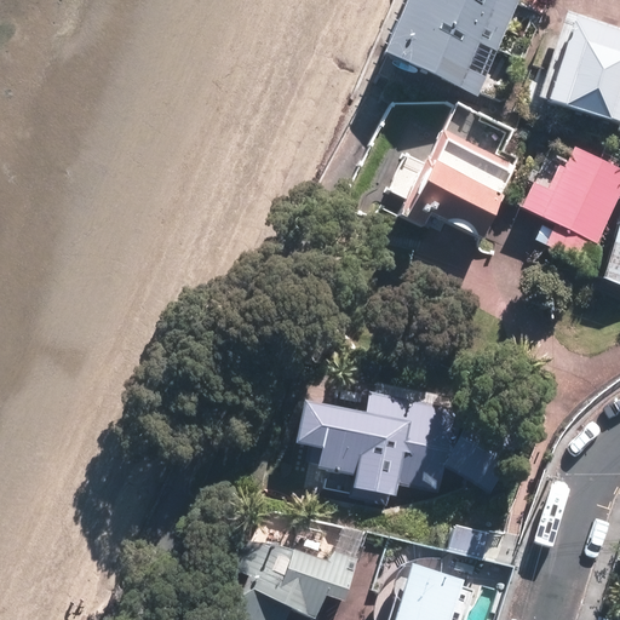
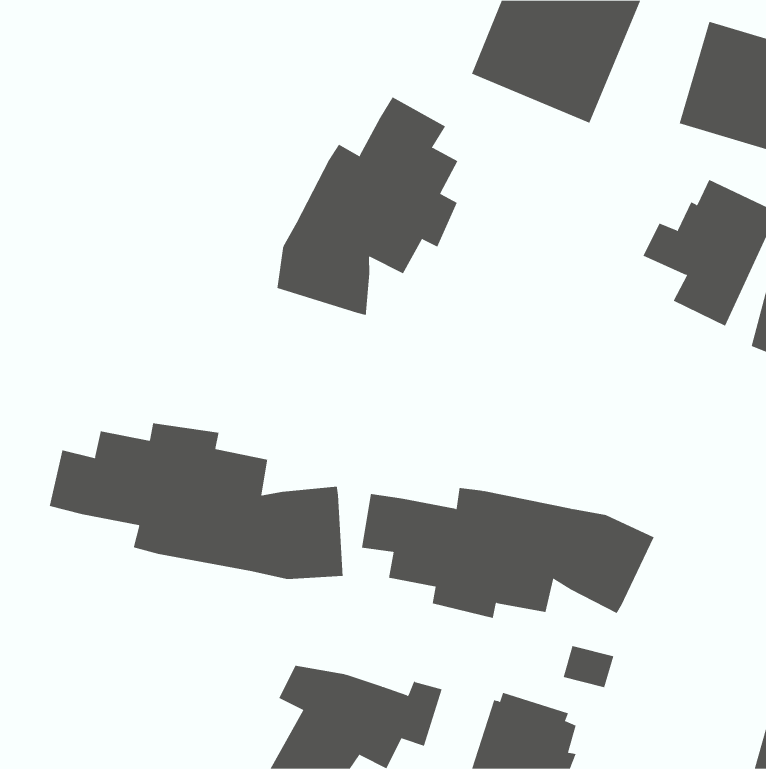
building: none -> [277,97,458,316]
building: [391,126,517,235] -> none
building: none -> [49,423,343,580]

